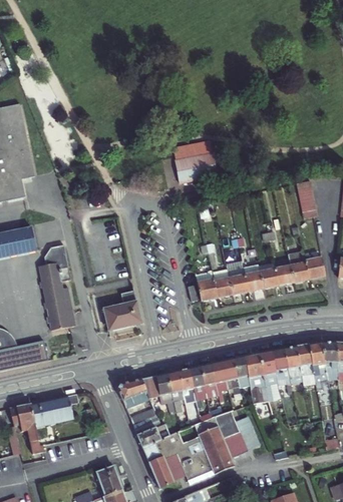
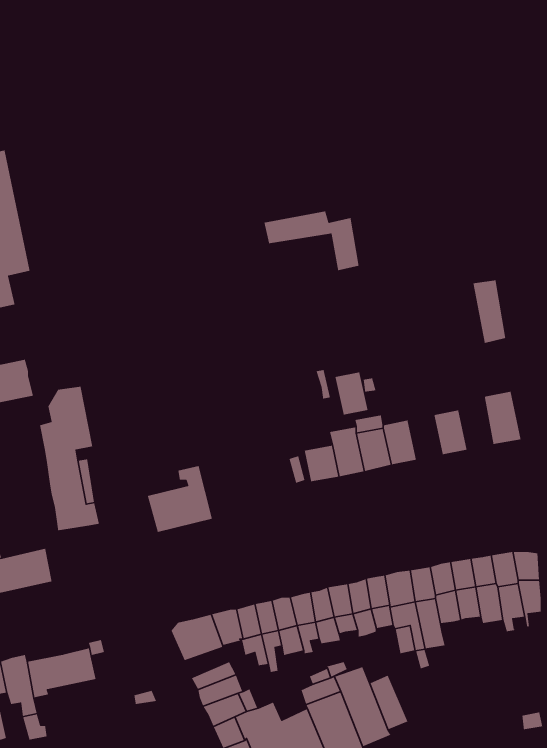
building: [176,153,217,182] -> none
building: [288,250,309,282] -> none
building: [259,262,279,288] -> [335,372,368,415]

